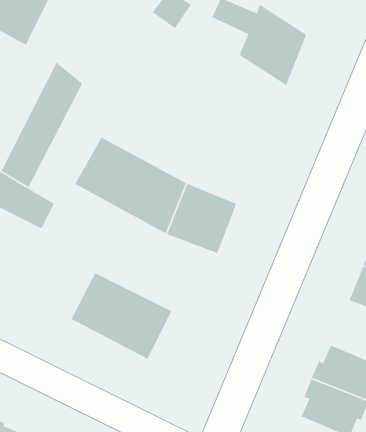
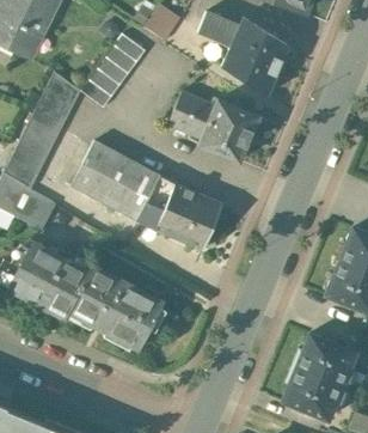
building: none -> [80,33,146,109]
building: none -> [168,91,259,161]
building: none -> [10,243,88,317]

